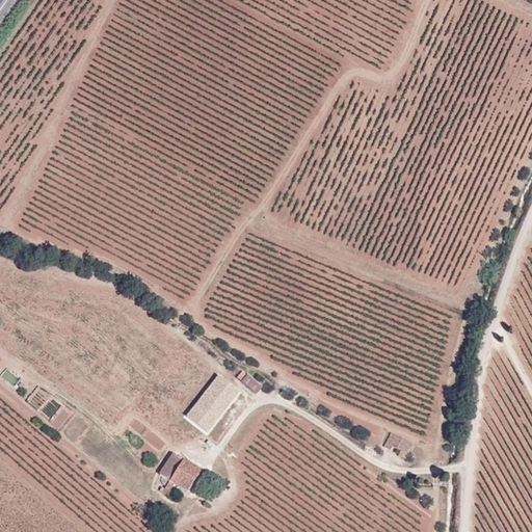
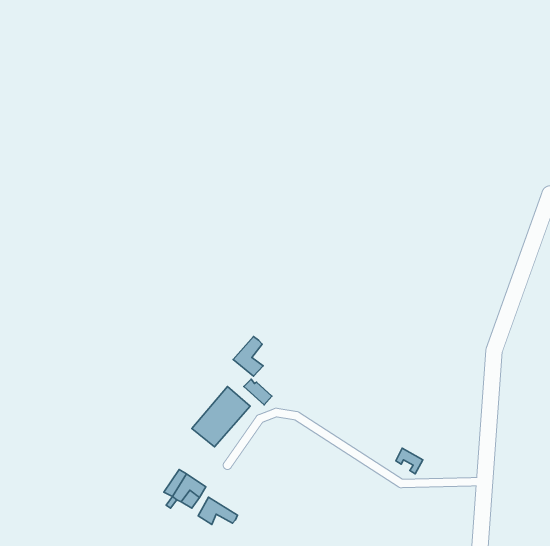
building: none -> [233,337,263,376]
building: none -> [198,497,237,524]

